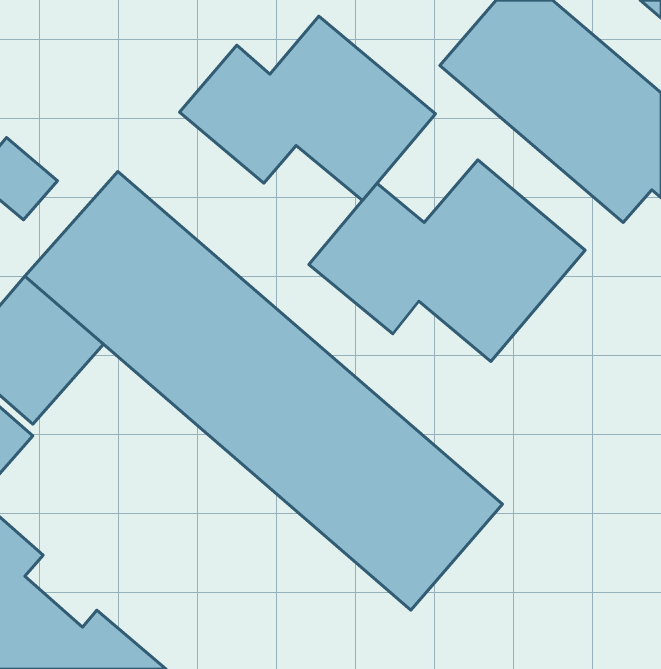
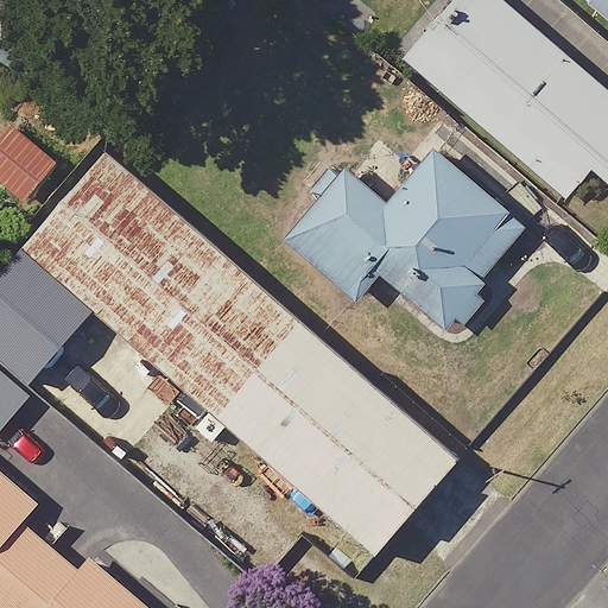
building: [180,16,435,201] -> none

